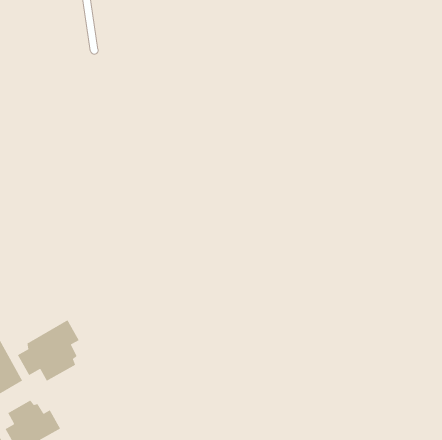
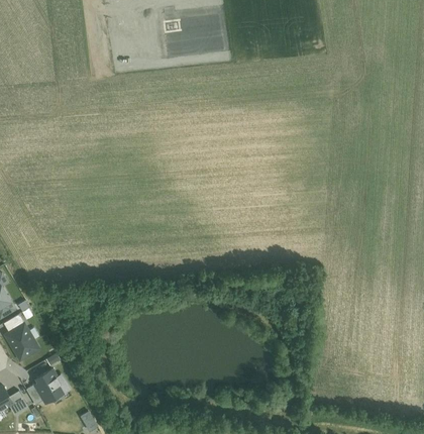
building: [17,319,80,382] -> none

